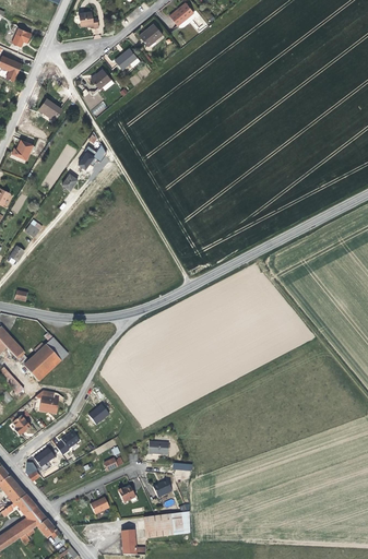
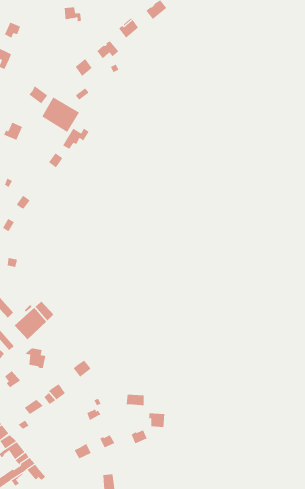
building: none -> [42,97,80,133]
building: [143,511,187,537] -> none

